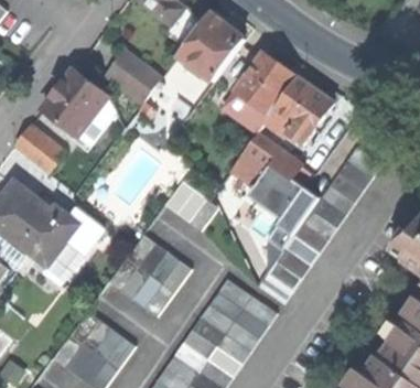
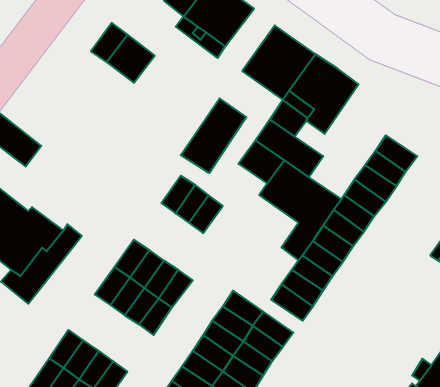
building: [42,69,108,136] -> none
building: none -> [181,98,246,173]

